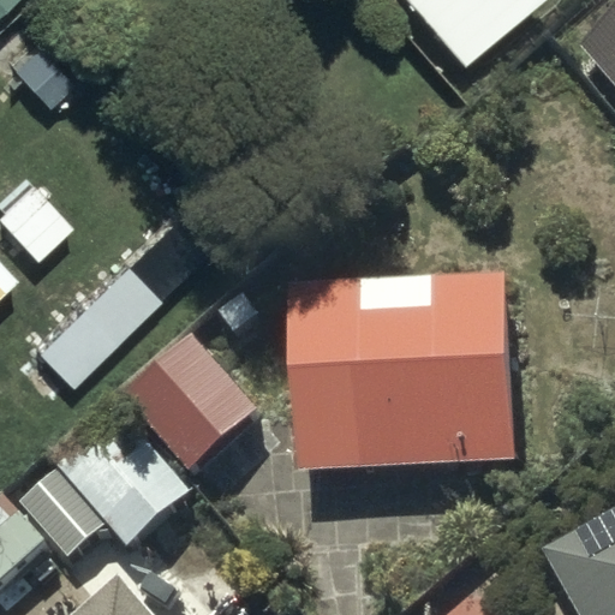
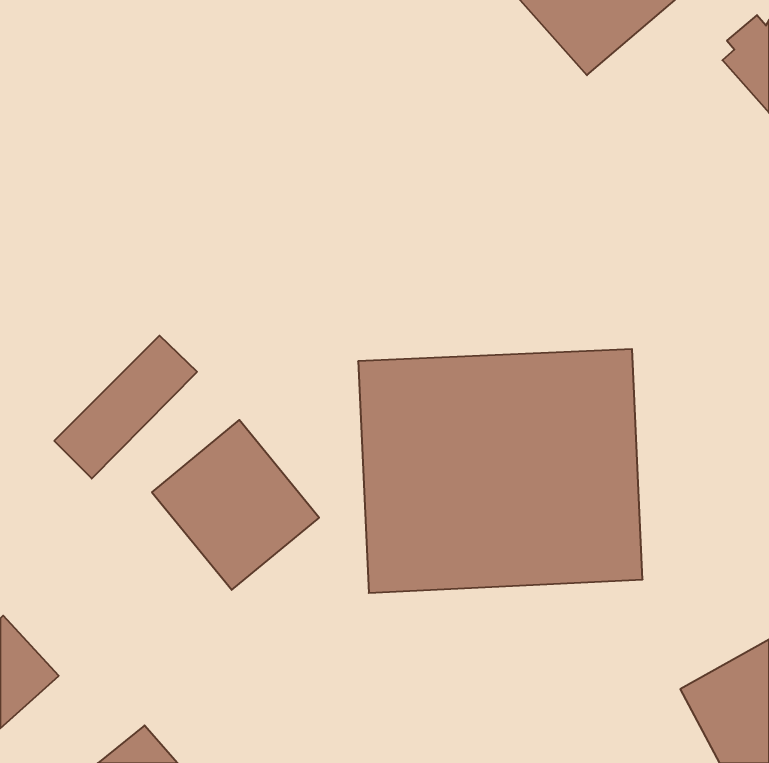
building: [25,400,192,547] -> none

